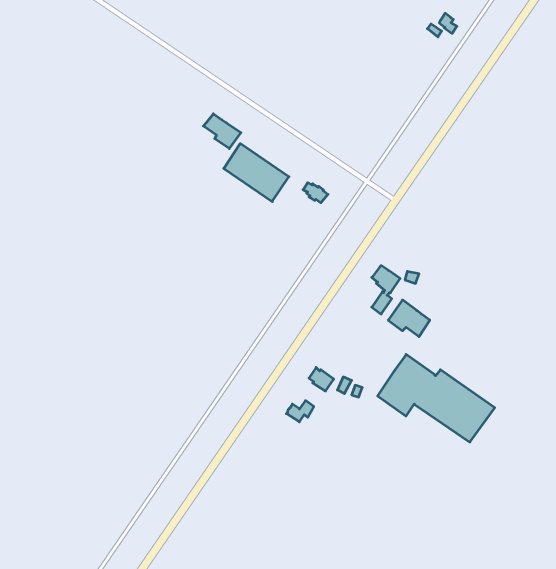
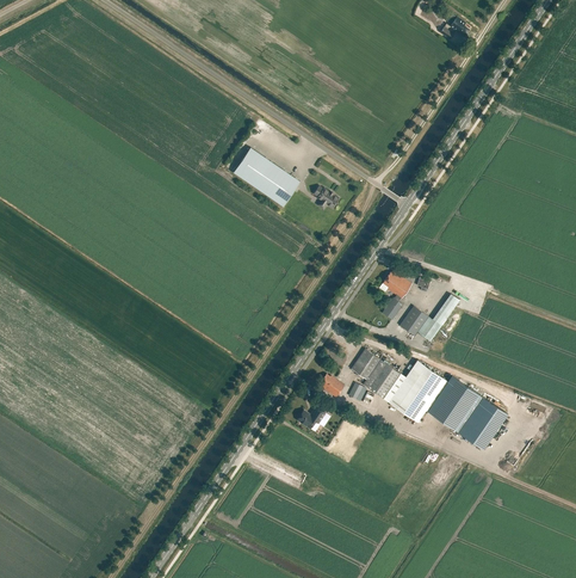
building: [203,114,241,149] -> none
building: none -> [352,350,400,399]

